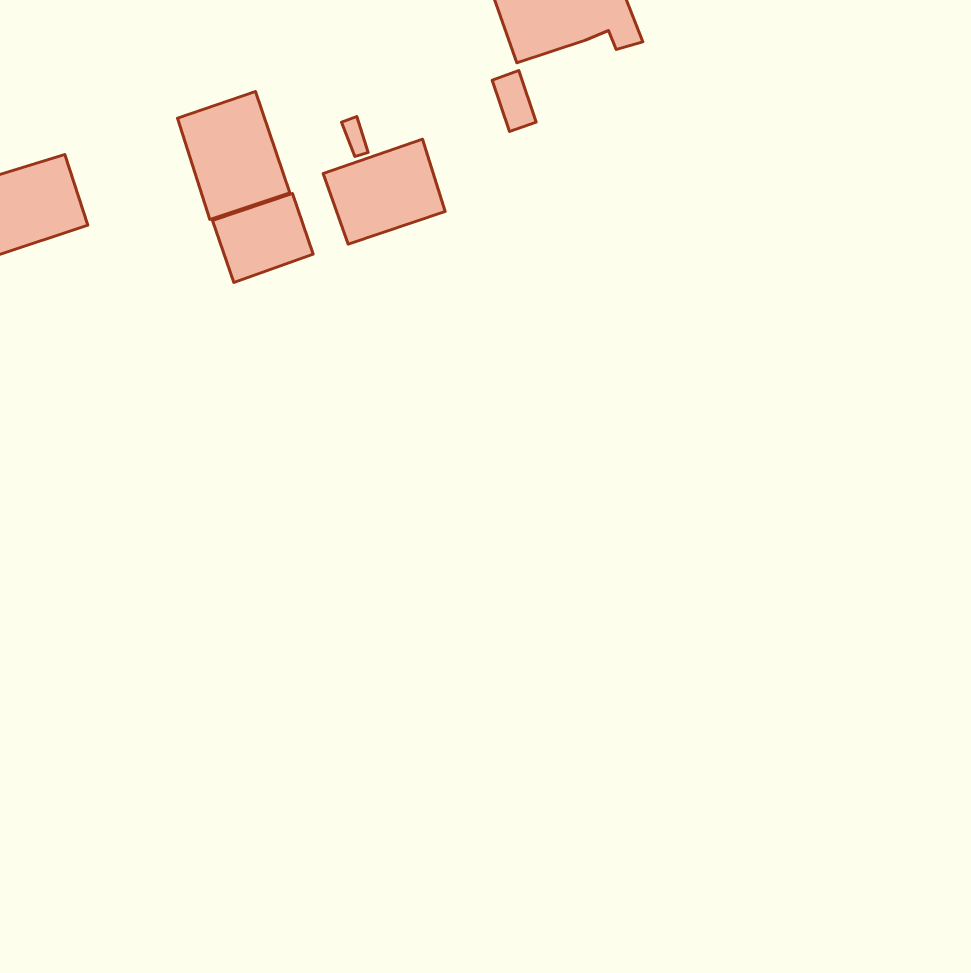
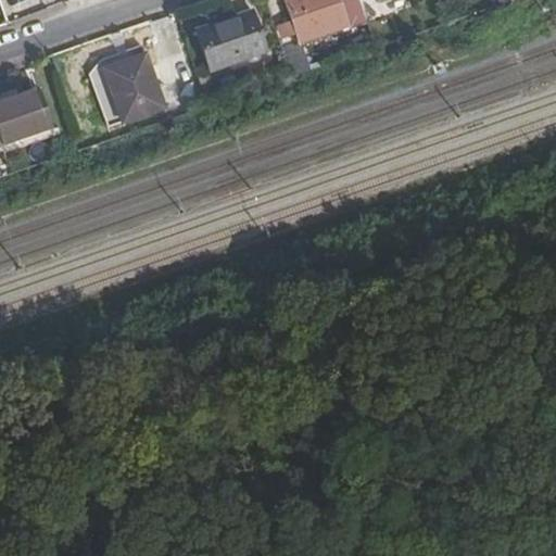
building: [323,139,445,244] -> [194,12,264,72]
building: [213,193,313,283] -> none

